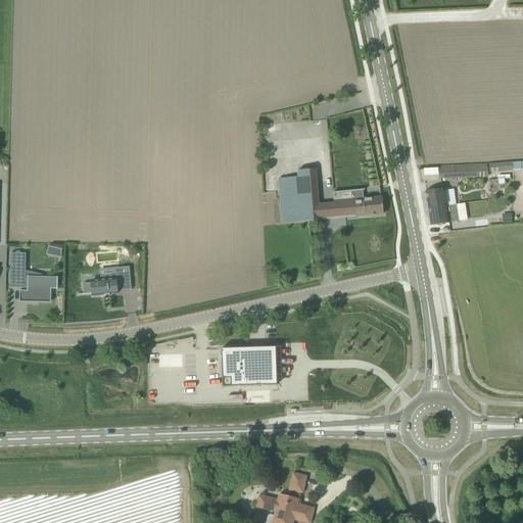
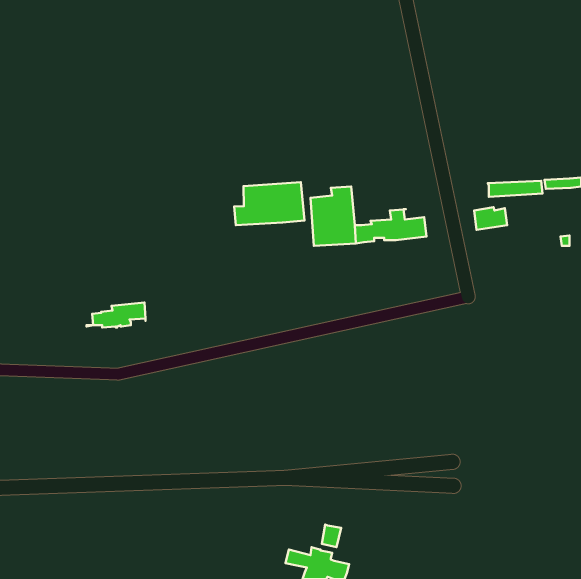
building: none -> [234,182,304,225]
building: [428,202,458,224] -> none
building: [9,251,57,300] -> none
building: [222,345,277,385] -> none

